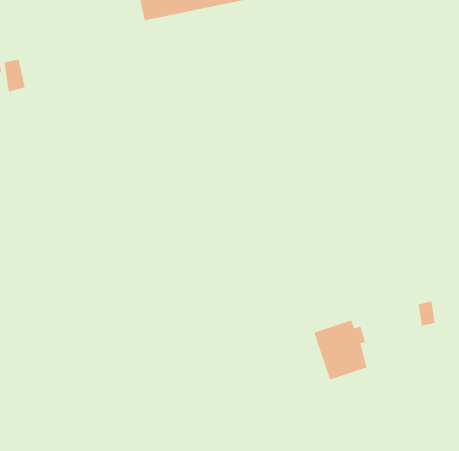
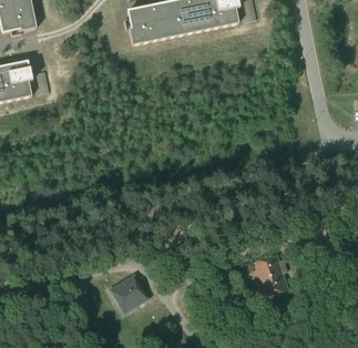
building: none -> [110,273,150,311]

